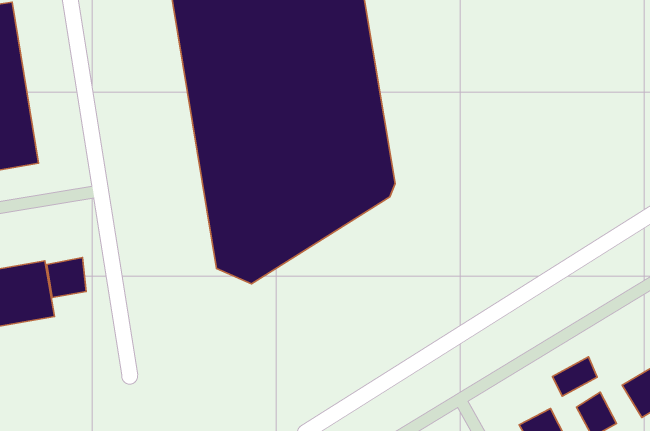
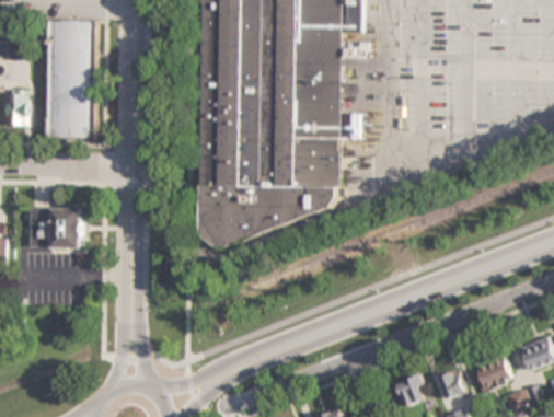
building: [47,258,86,297] -> none
building: [552,357,597,396] -> none

